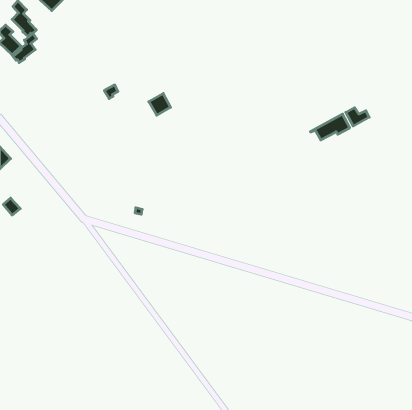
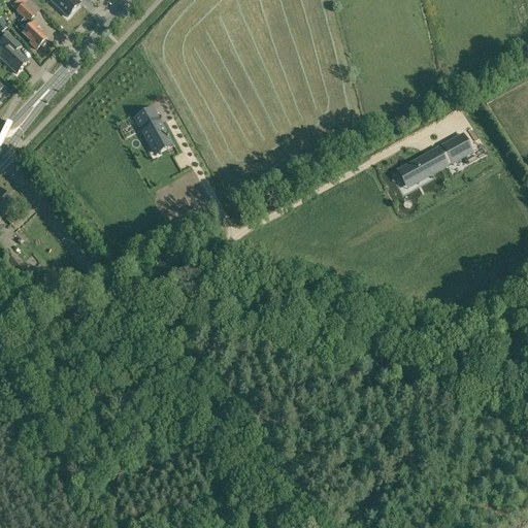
building: [13,33,37,63] -> none
building: [149,93,171,115] -> [140,119,168,146]

